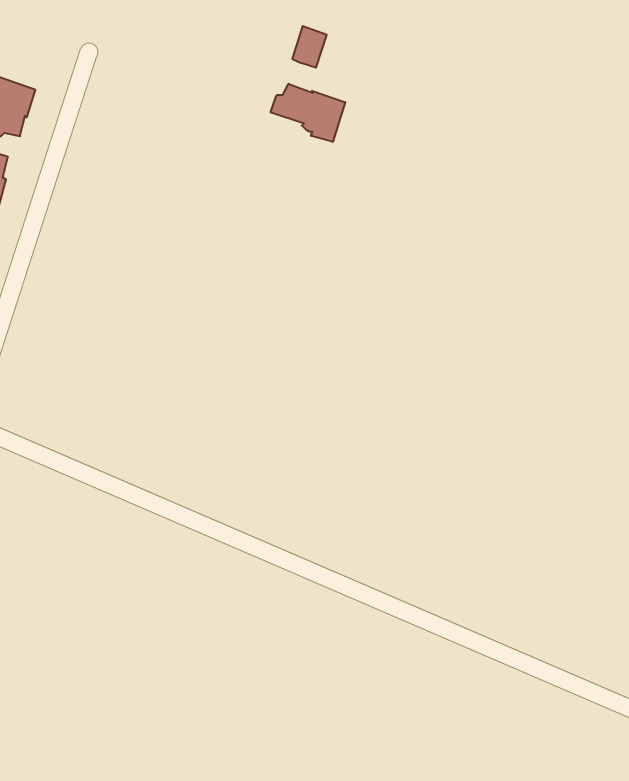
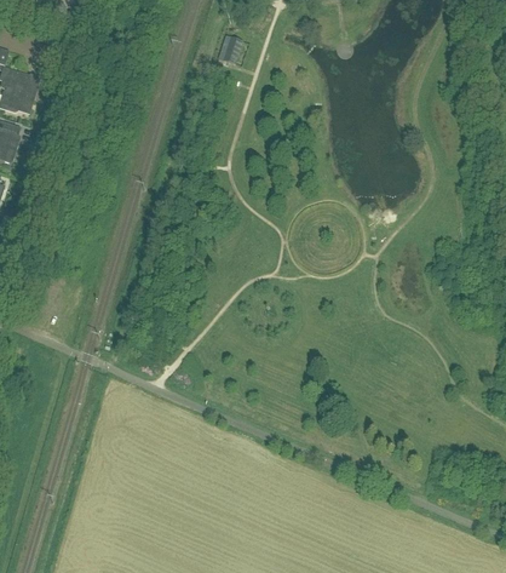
building: [271,84,345,142] -> none

